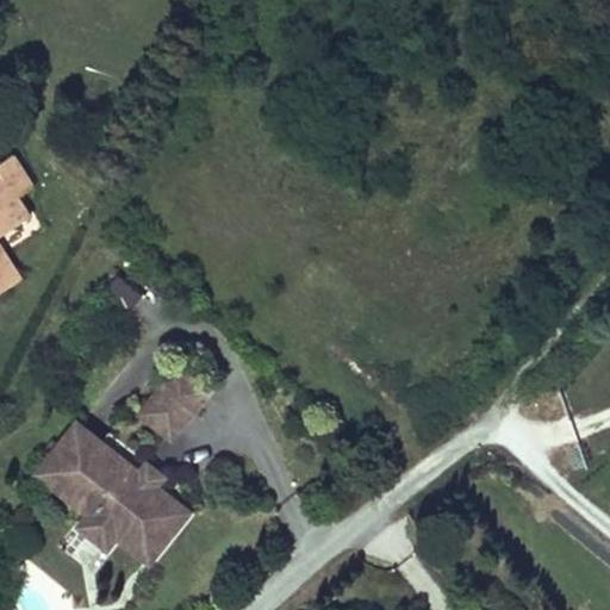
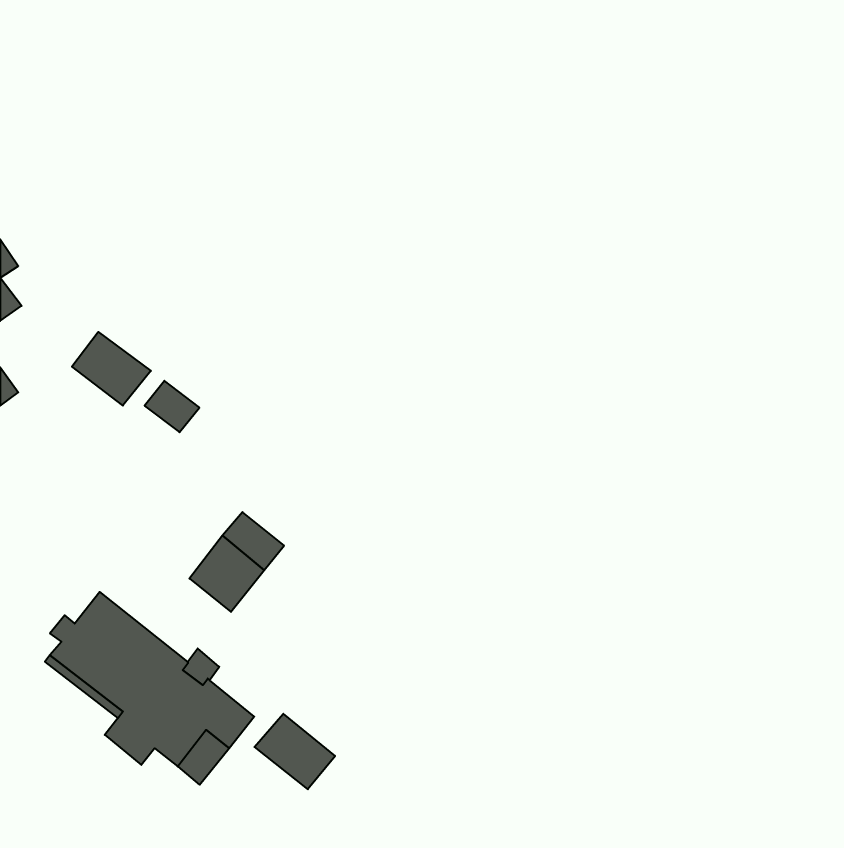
building: none -> [72,332,151,406]
building: none -> [254,714,335,789]

